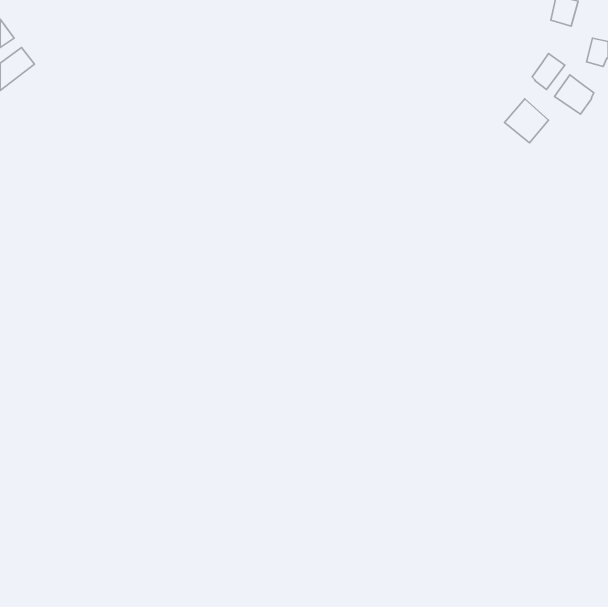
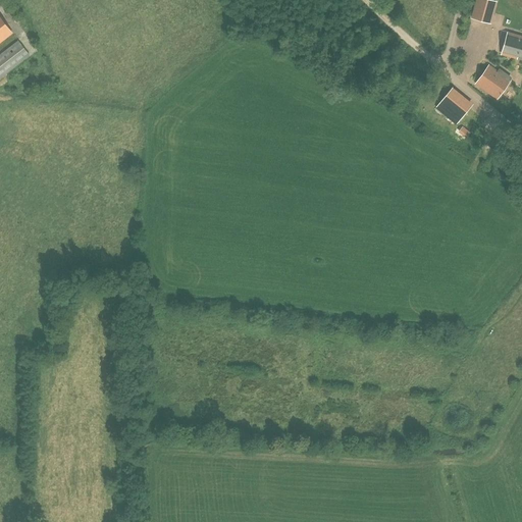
building: [532,53,565,90] -> none

